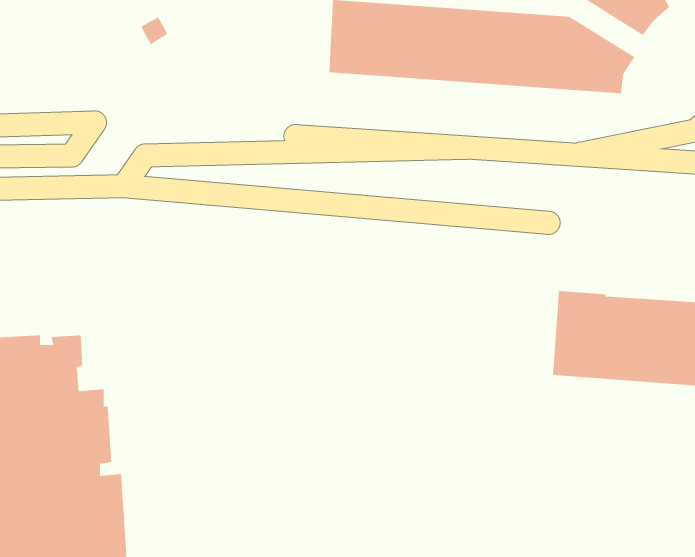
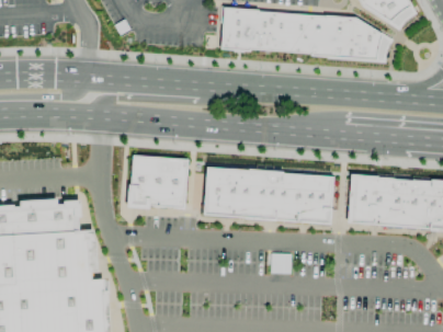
building: none -> [128,154,190,208]
building: none -> [204,167,336,224]

